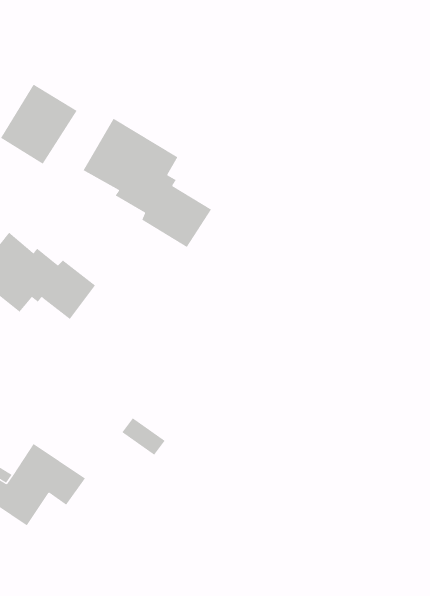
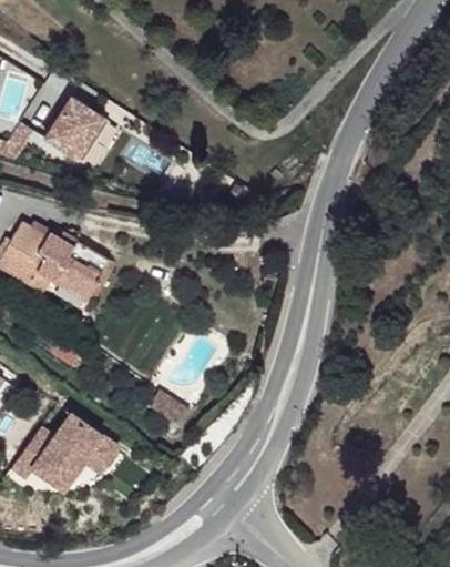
building: [83,118,212,248] -> none

